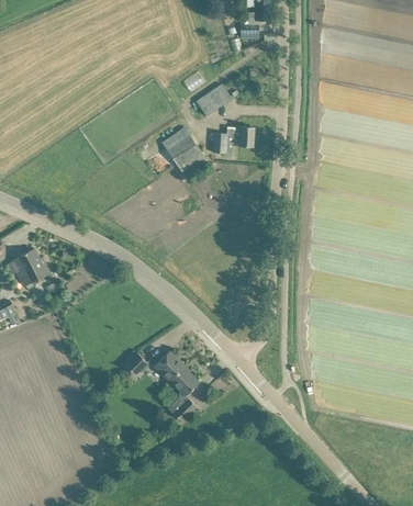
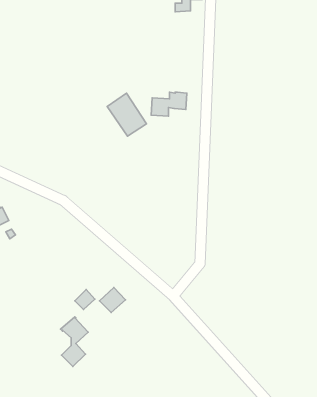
building: [192,83,231,120] -> none
building: [166,363,198,420] -> [61,317,88,367]

